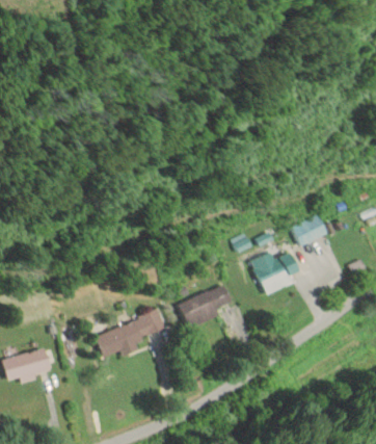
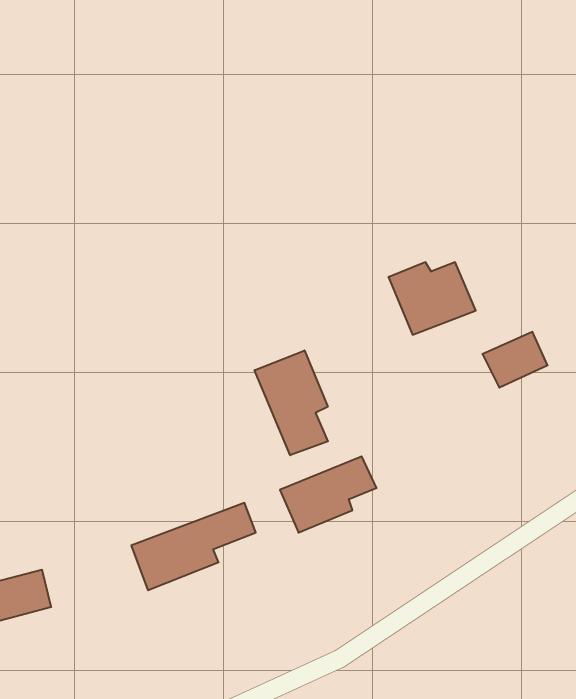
building: none -> [255,350,328,455]
building: [252,252,301,292] -> [388,262,476,335]

